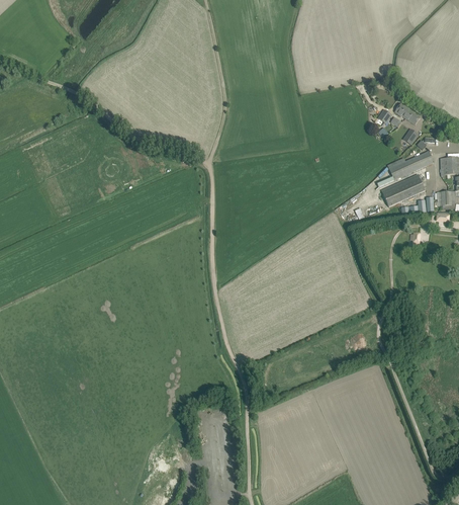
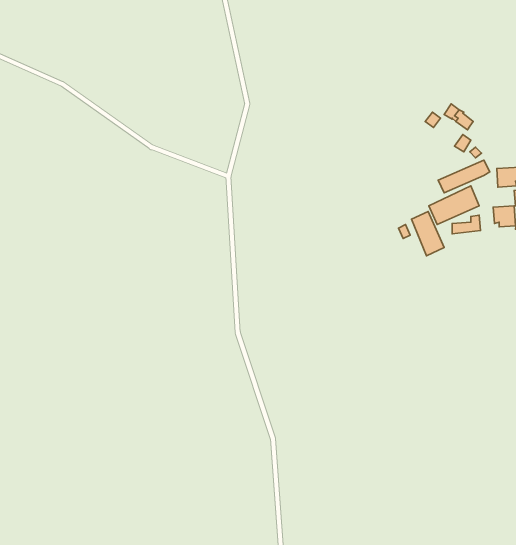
building: none -> [411,212,444,256]

